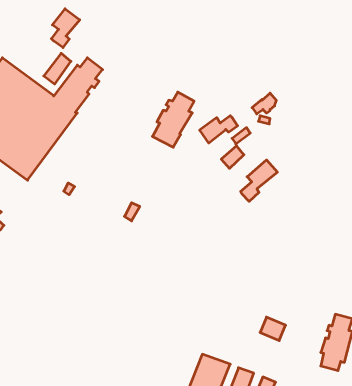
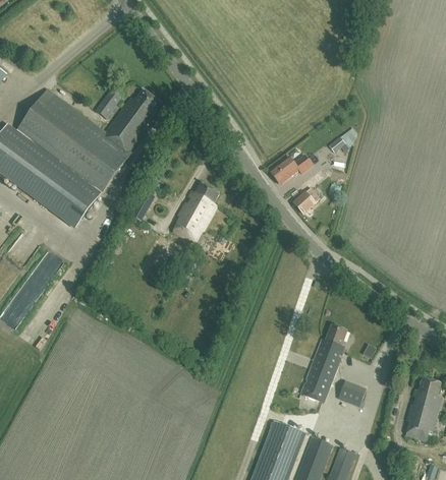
building: [51,9,80,48] -> none
building: [152,92,194,147] -> [172,182,219,244]
building: [241,160,277,201] -> none
building: none -> [299,324,346,403]

